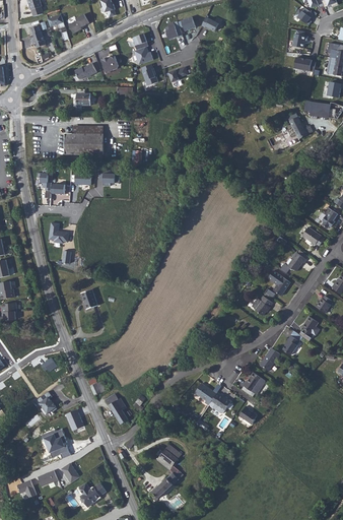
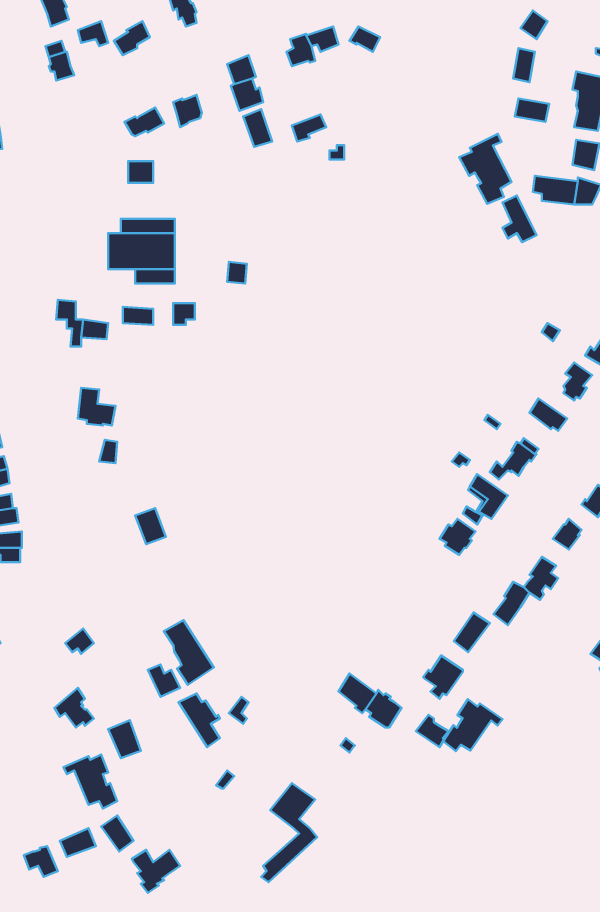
building: none -> [459,134,511,204]
building: none -> [164,620,214,685]
building: none -> [443,699,503,751]

